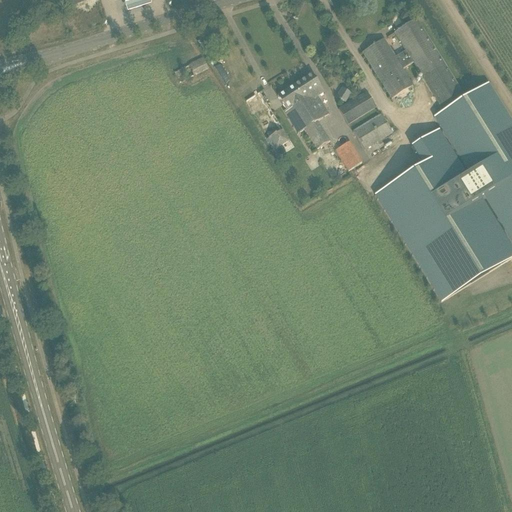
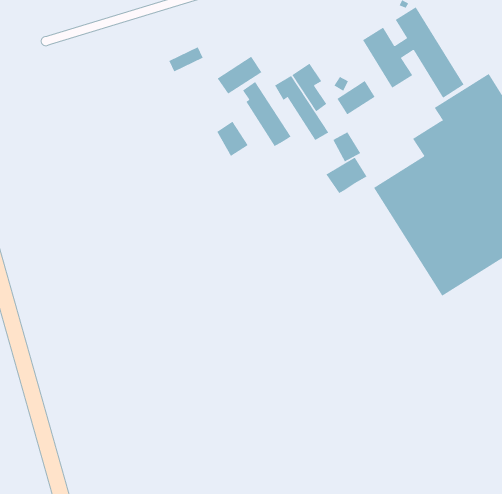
building: none -> [217,56,262,95]
building: [352,112,393,148] -> [325,157,367,194]
building: none -> [216,121,249,157]

